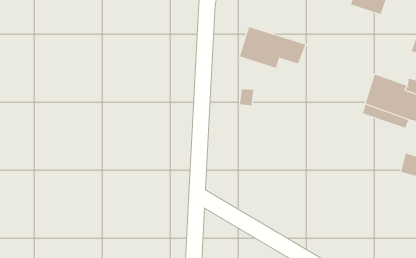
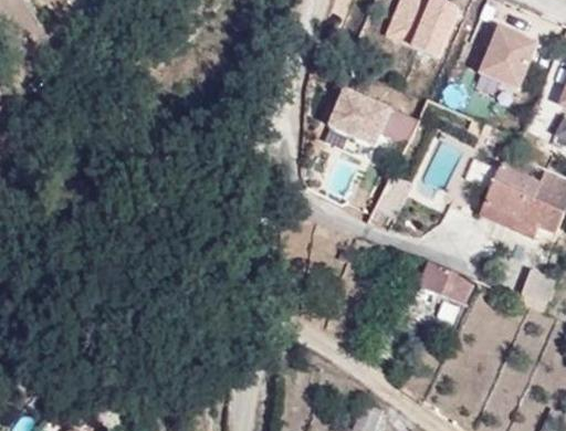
building: none -> [419,264,472,302]

